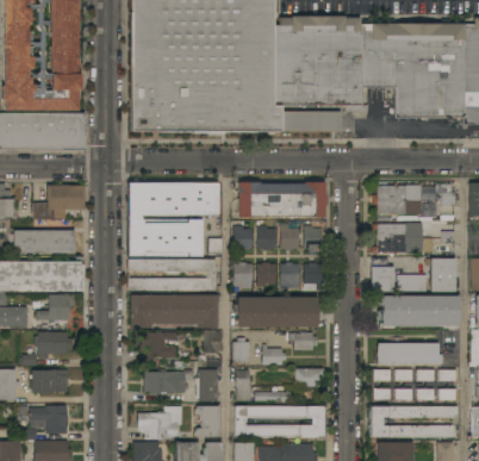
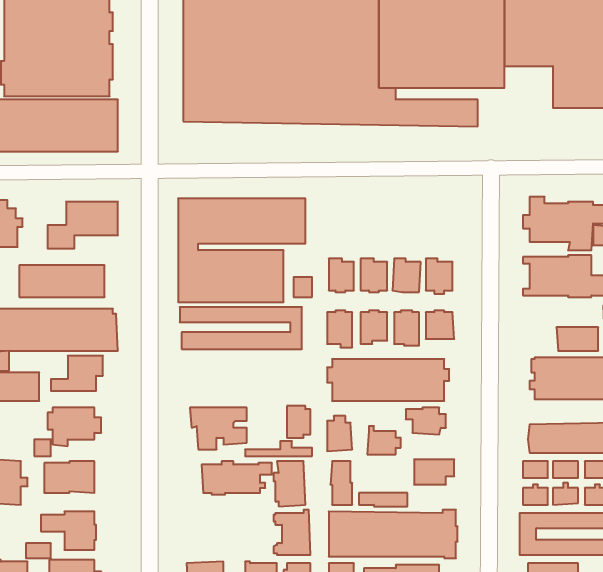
building: [238,181,326,217] -> none
building: [372,258,394,291] -> none
building: [131,294,218,328] -> none
building: [138,405,182,438] -> none

